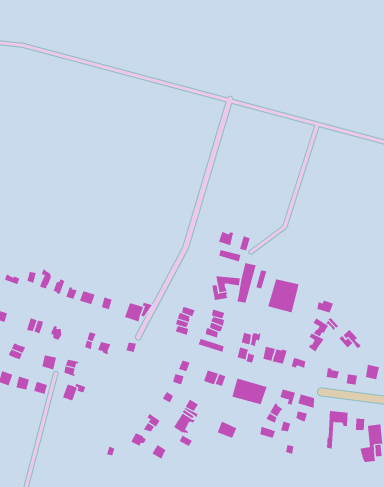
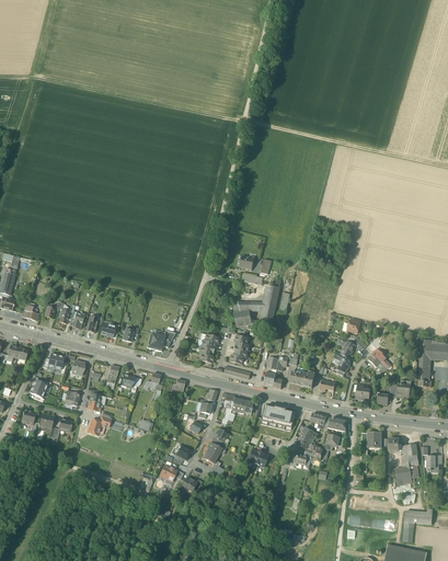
building: [268,279,299,313] -> none

